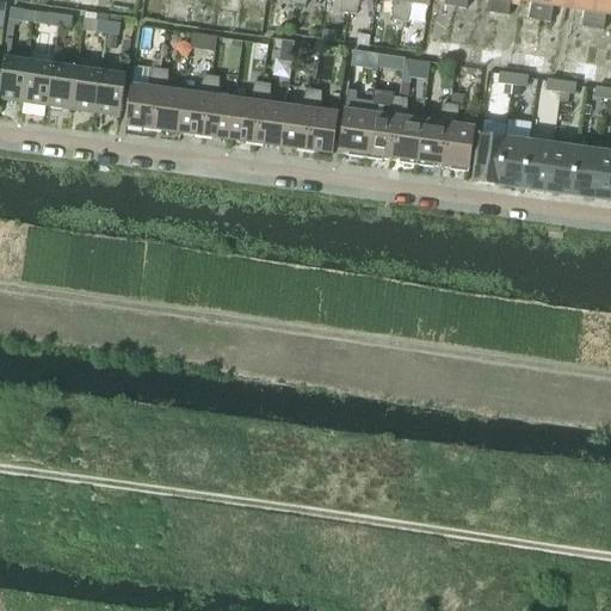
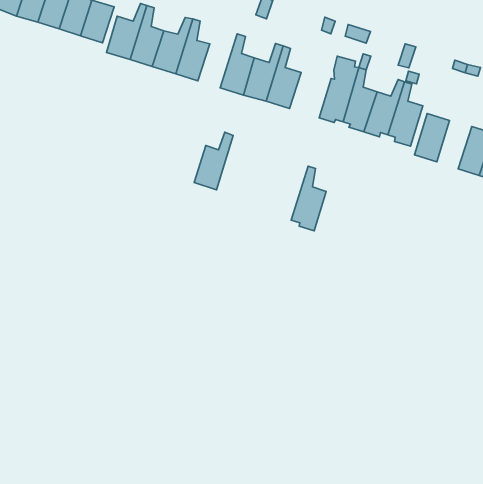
building: [228,78,261,141] -> [194,132,233,190]
building: [338,87,370,155] -> [291,166,326,231]
building: [498,135,529,185] -> none

